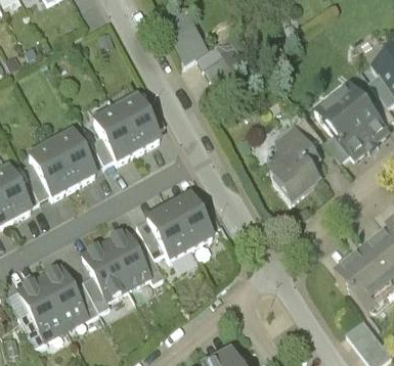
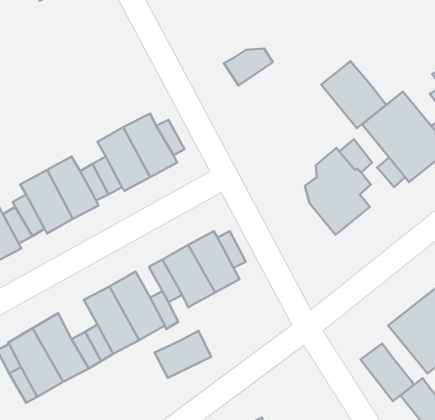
building: [167,15,208,61] -> none
building: none -> [321,61,386,128]
building: none -> [155,331,211,378]
building: none -> [360,343,414,401]

